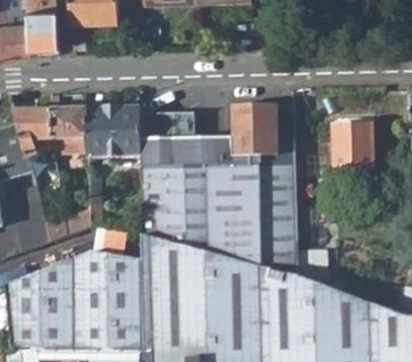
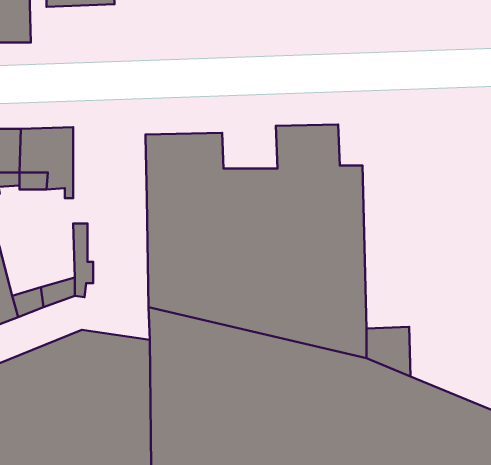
building: [88,106,141,157] -> none
building: [333,124,373,169] -> none

